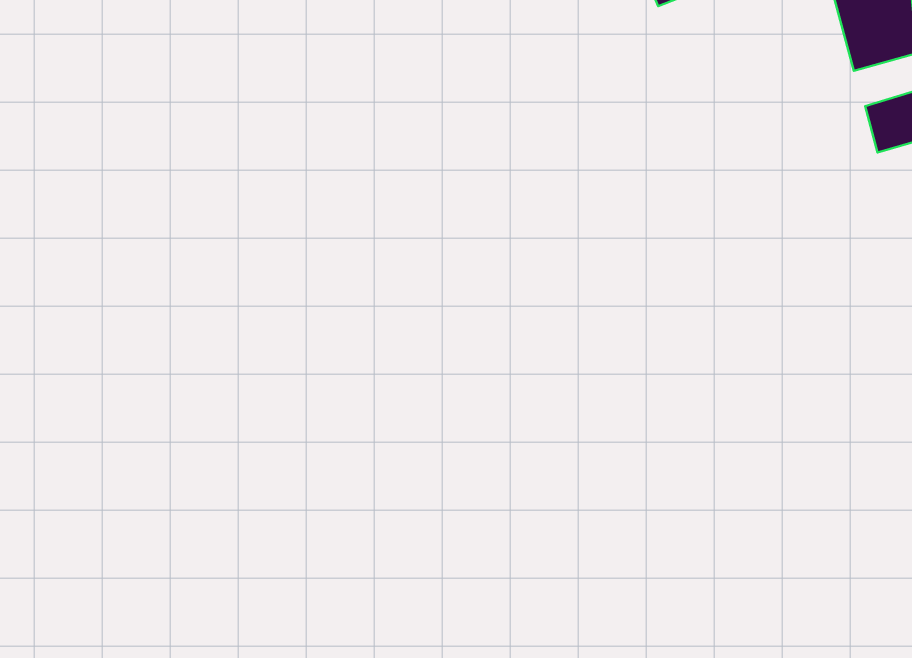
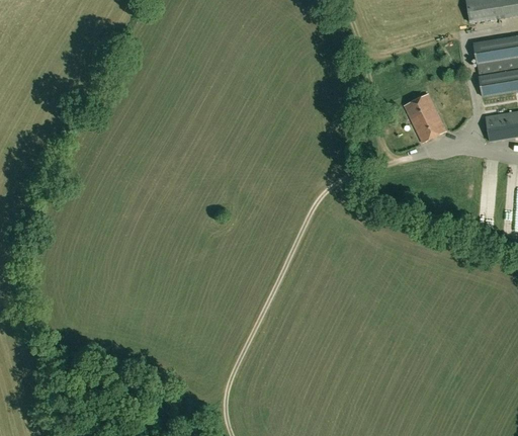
building: none -> [405,93,446,143]

